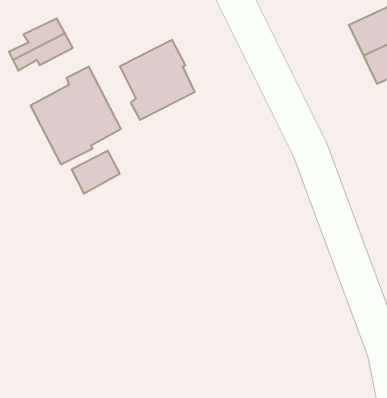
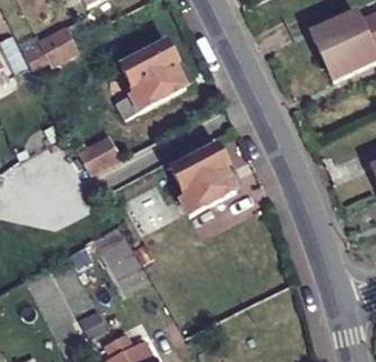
building: [30,67,121,165] -> none
building: none -> [174,144,236,213]

